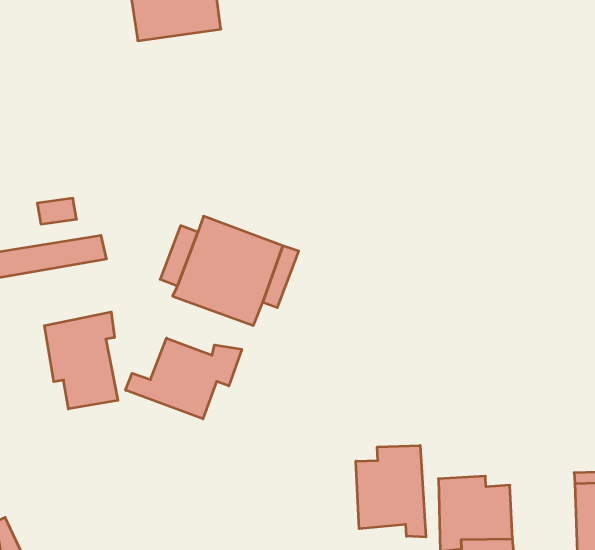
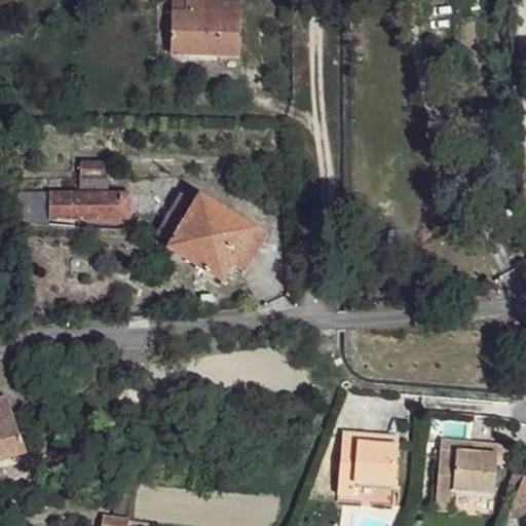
building: [44,312,118,409] -> none
building: [126,338,242,419] -> none
building: [356,445,426,537] -> none

